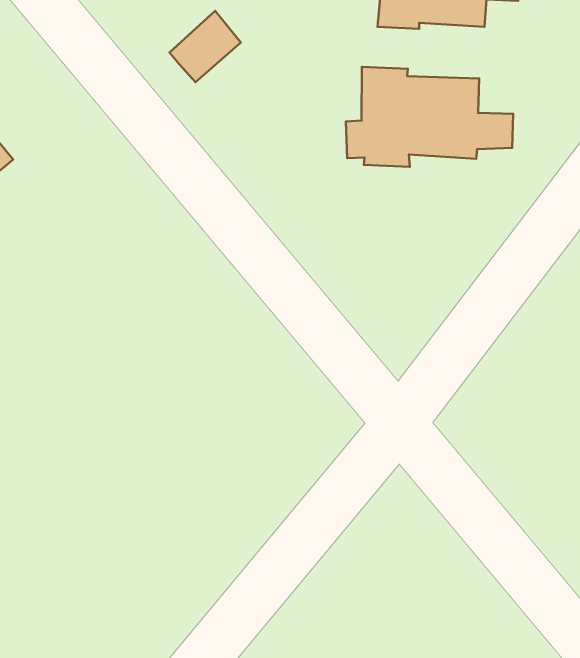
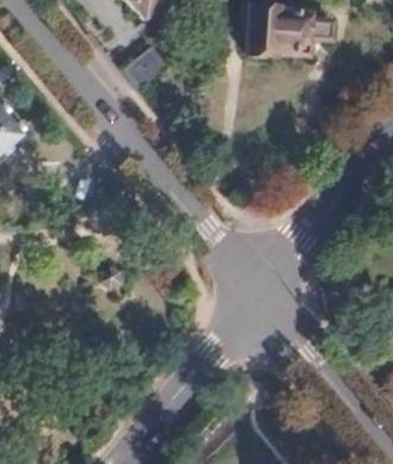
building: [346,67,513,167] -> none

